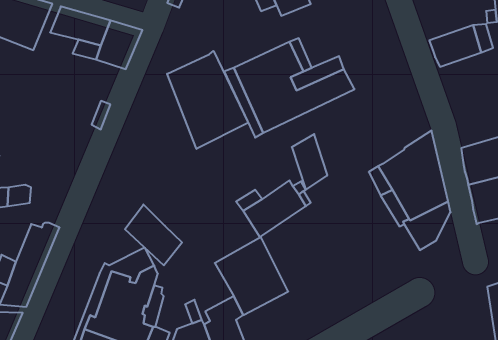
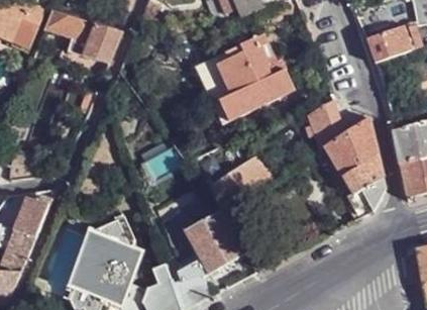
building: [167,51,248,149] -> none
building: [292,134,327,190] -> [315,96,345,143]
building: [125,204,182,265] -> none

